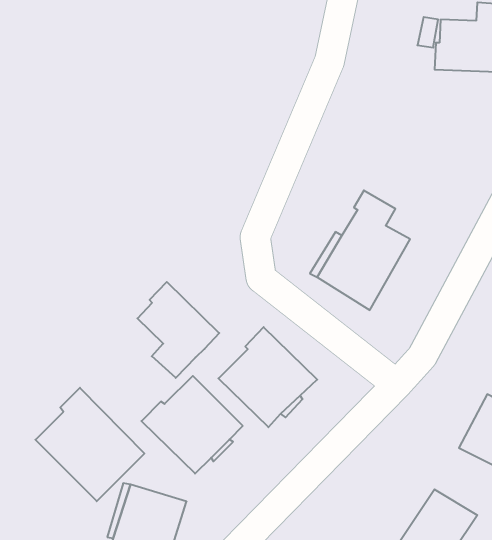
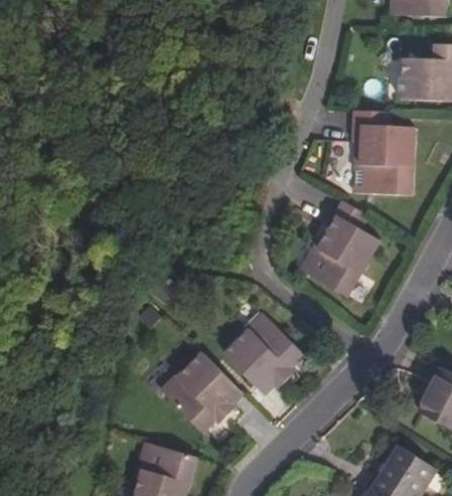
building: none -> [355,111,408,192]
building: [137,282,219,378] -> none
building: [35,388,144,501] -> none

